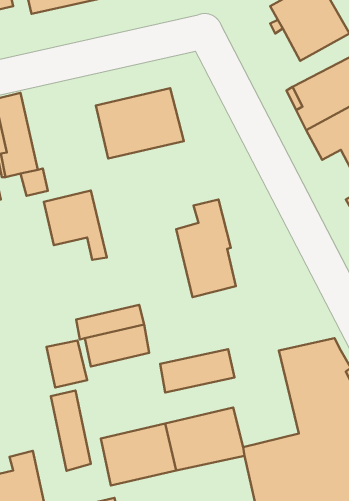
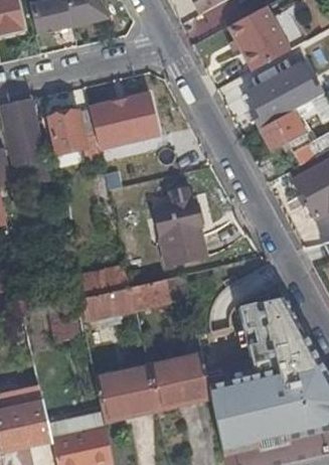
building: [44,191,107,260] -> [48,109,100,165]
building: [160,349,234,392] -> [128,273,188,308]
building: [51,390,91,471] -> none

